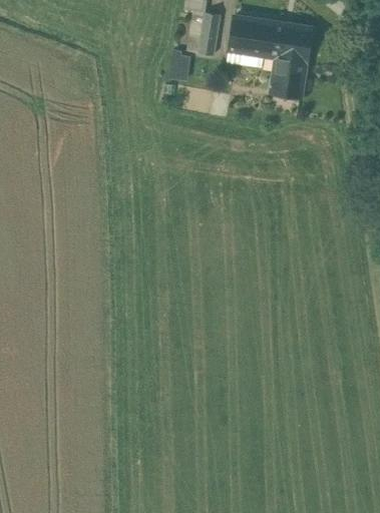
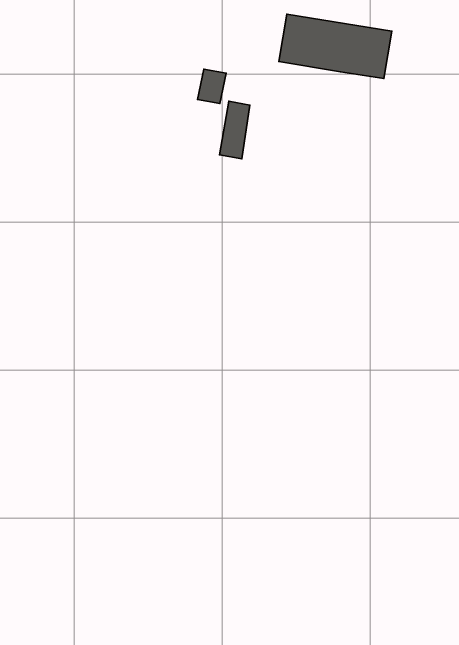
building: [198,12,221,56] -> [220,101,250,159]
building: [271,58,310,98] -> none

